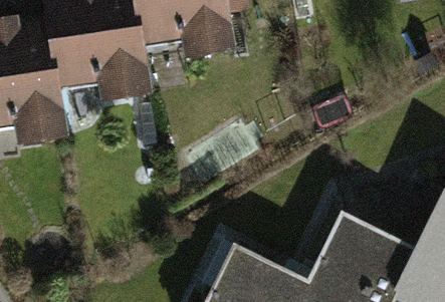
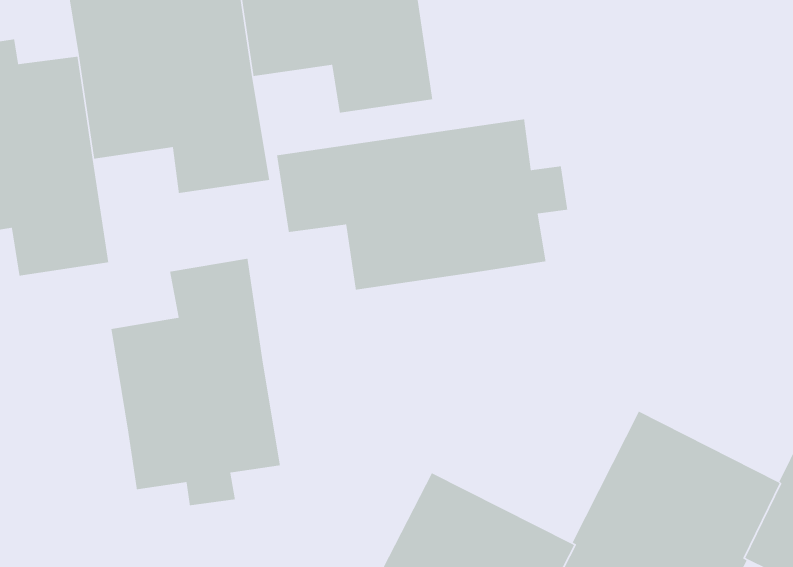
building: none -> [276,118,568,290]
building: none -> [110,258,281,506]

